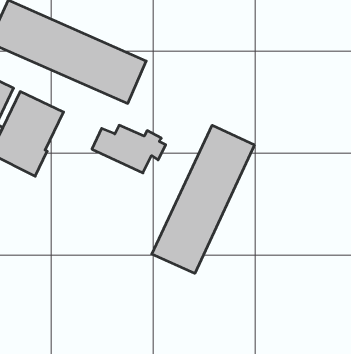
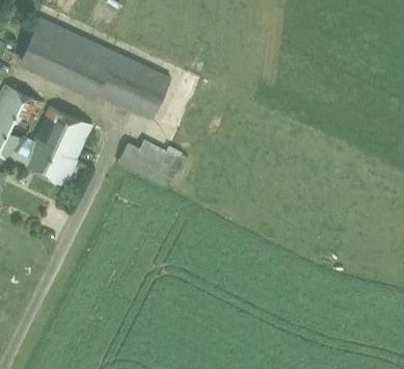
building: [152,125,254,273] -> none

